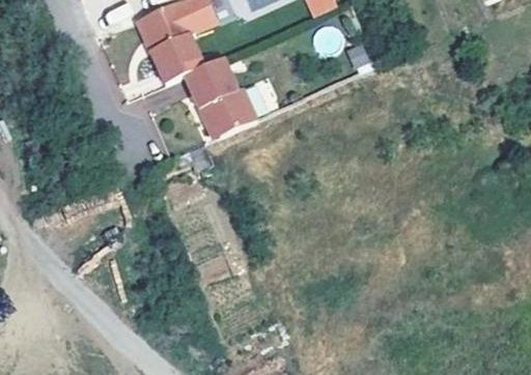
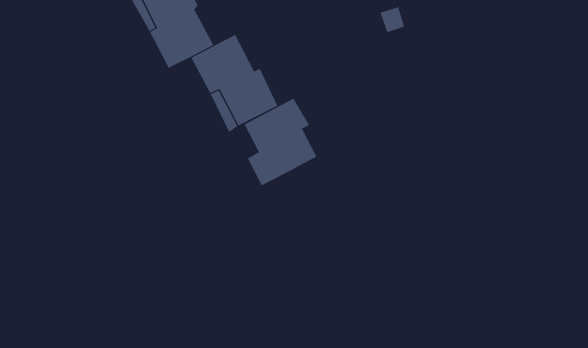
building: none -> [244,98,317,186]

